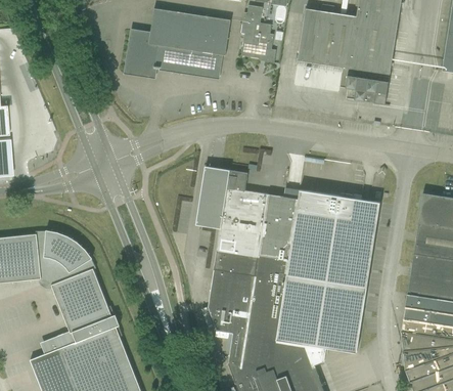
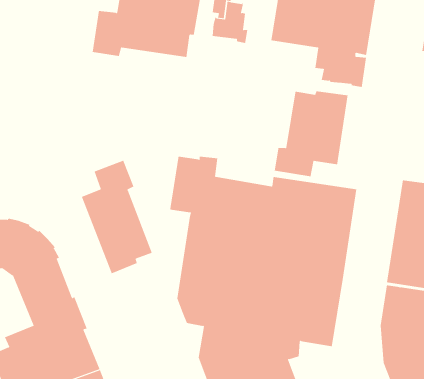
building: none -> [274,91,348,177]
building: none -> [81,160,152,274]

